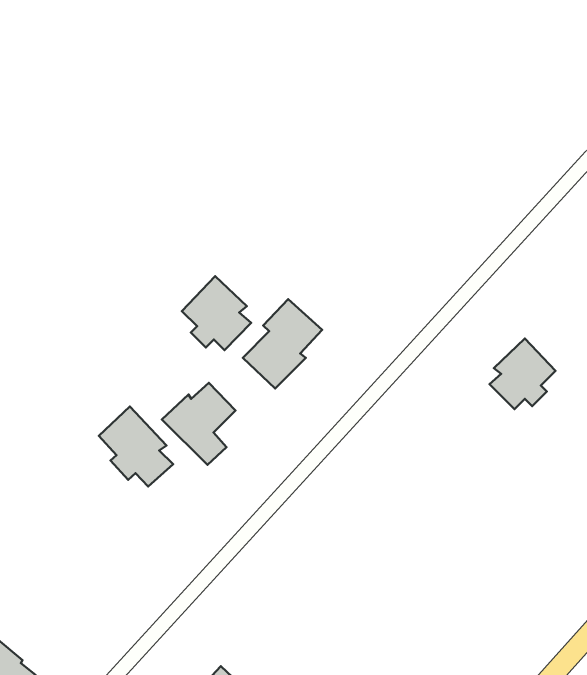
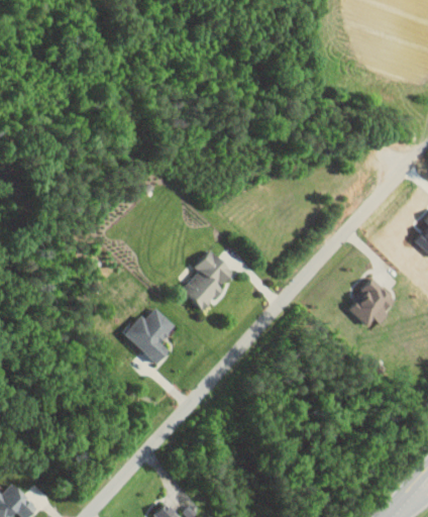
building: [182,276,251,350] -> none
building: [99,407,173,487] -> none

